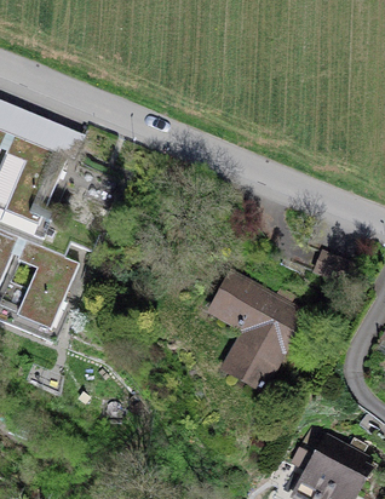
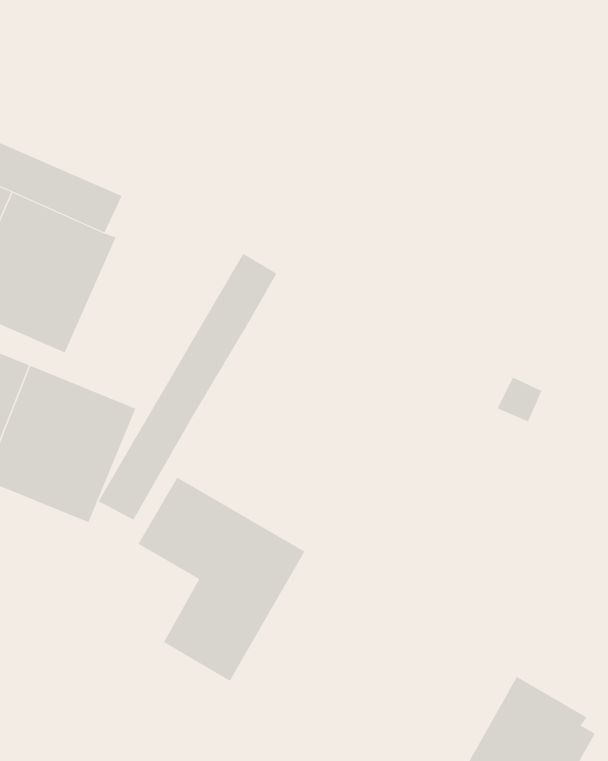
building: none -> [98,253,277,520]
building: [203,265,306,391] -> [138,477,305,682]

